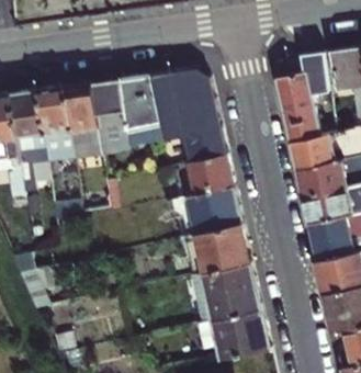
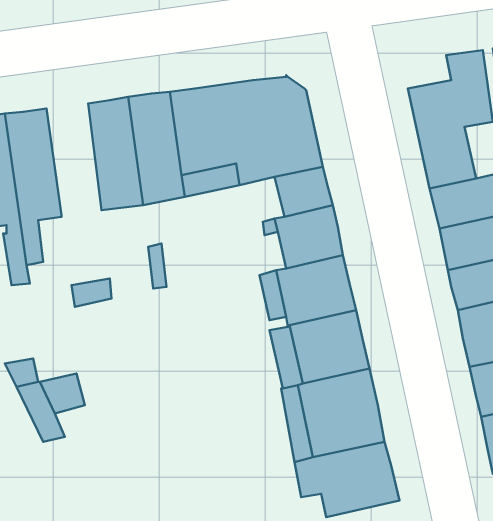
building: [37,88,74,161] -> none

